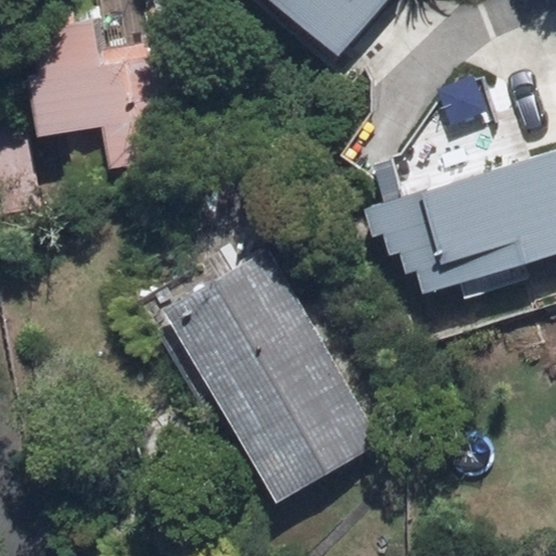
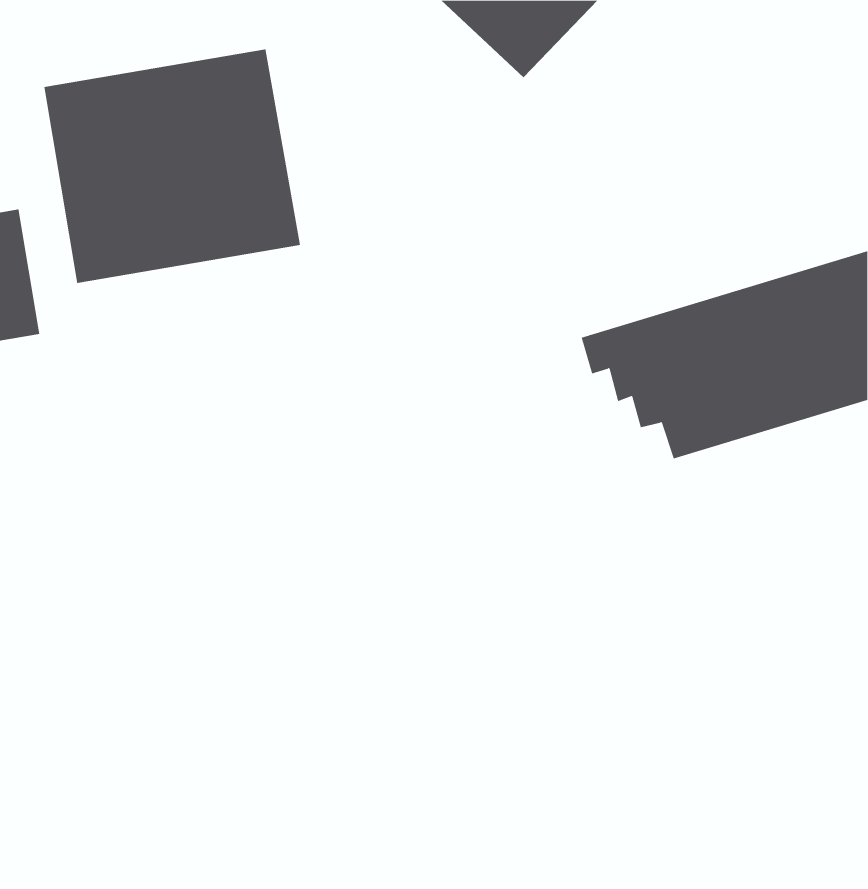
building: [169,263,361,492] -> none

